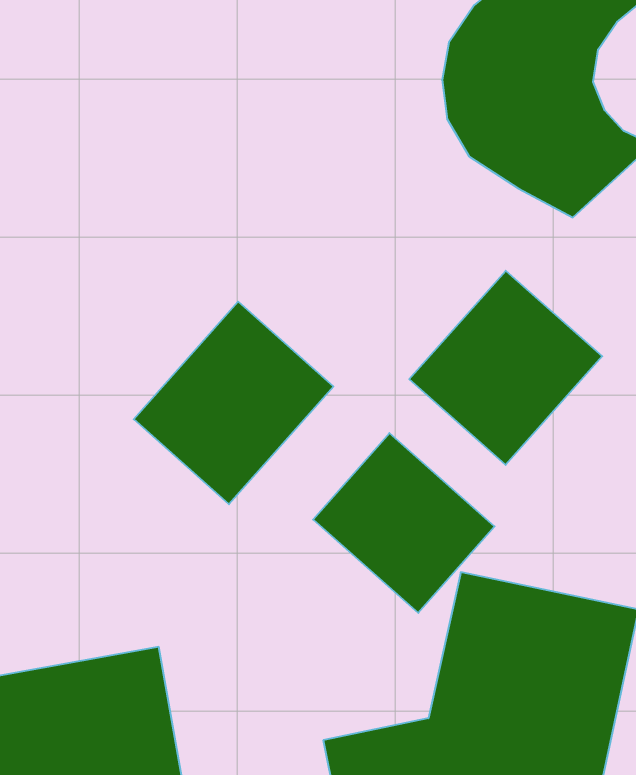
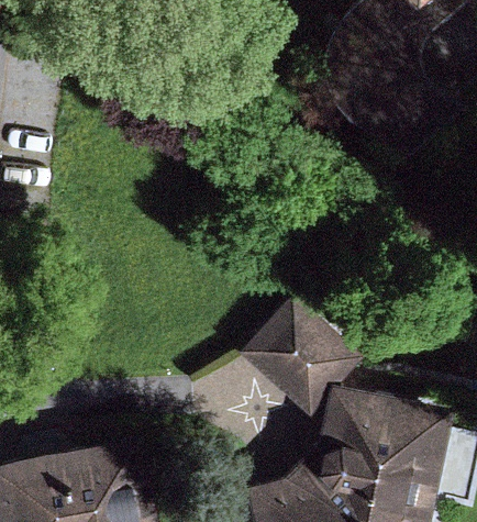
building: [409,271,602,465] -> none
building: [134,302,333,504] -> none

